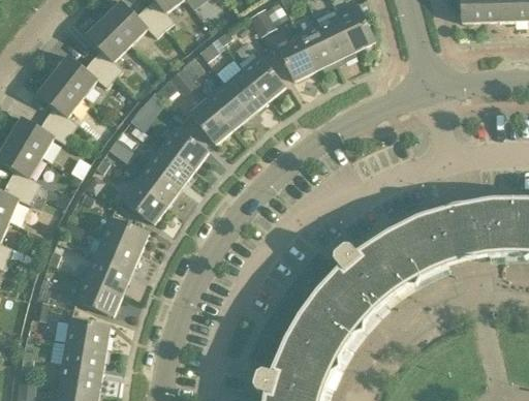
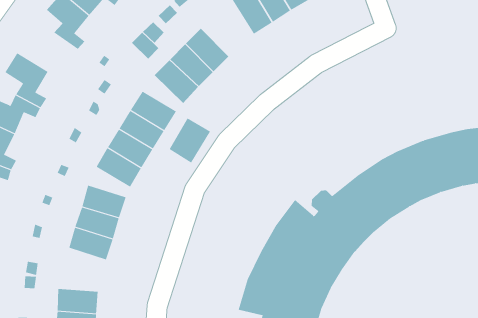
building: [242,54,285,100] -> none
building: [53,55,115,97] -> none
building: none -> [169,117,211,164]
building: [75,278,122,315] -> none

